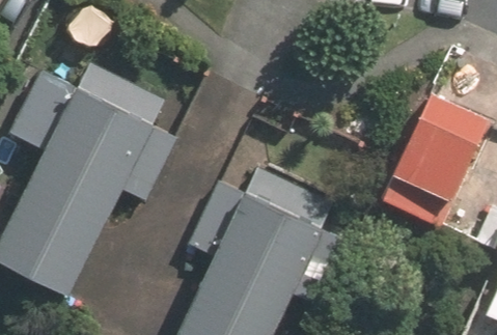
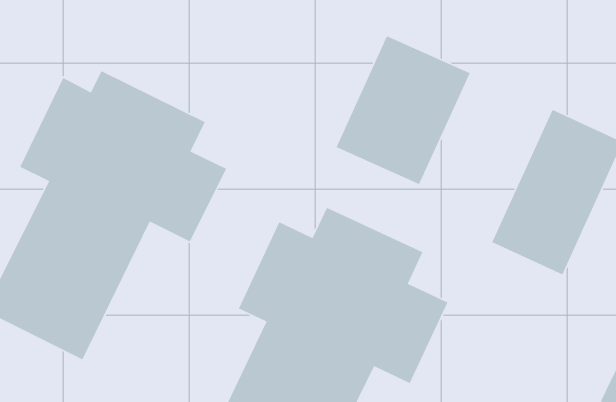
building: none -> [335,35,471,185]

